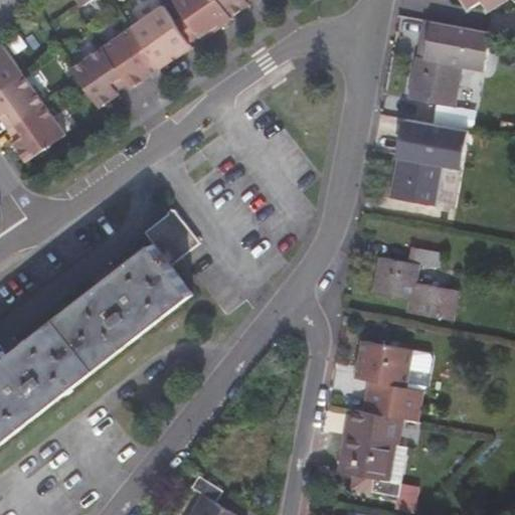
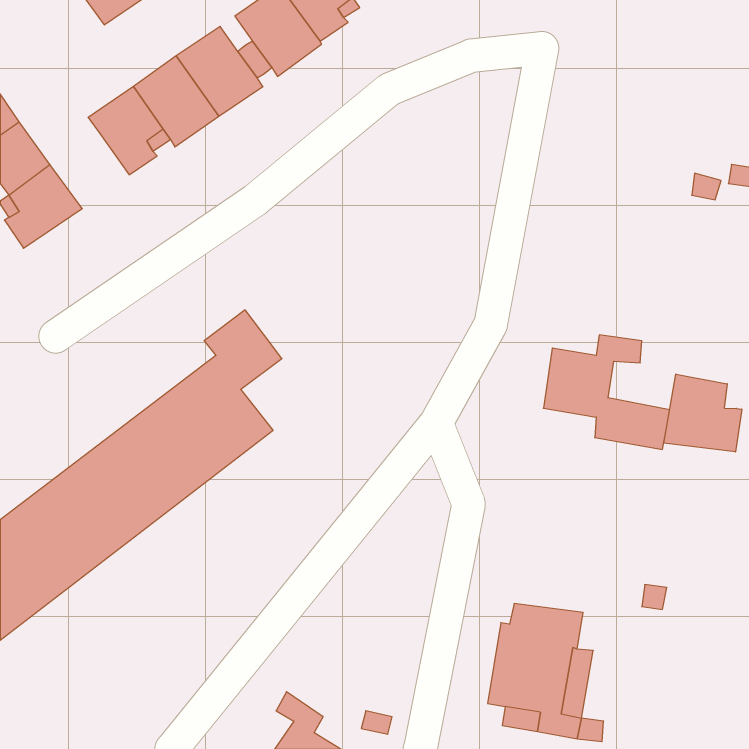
building: [400,18,491,115] -> none
building: [394,118,465,203] -> none
building: none -> [664,374,742,452]
building: [353,330,427,423] -> none

